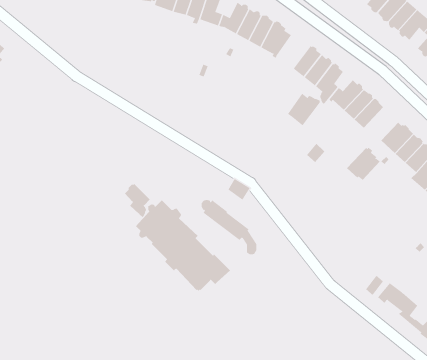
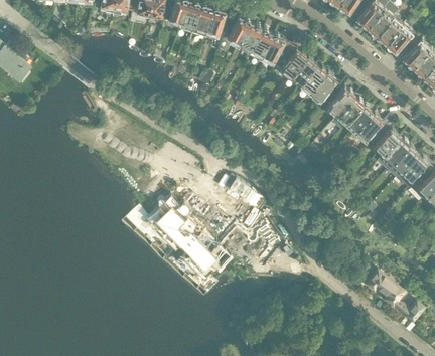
building: [287,93,321,126] -> [276,47,306,77]
building: [346,147,381,181] -> [354,113,386,143]
building: [124,183,150,218] -> none

